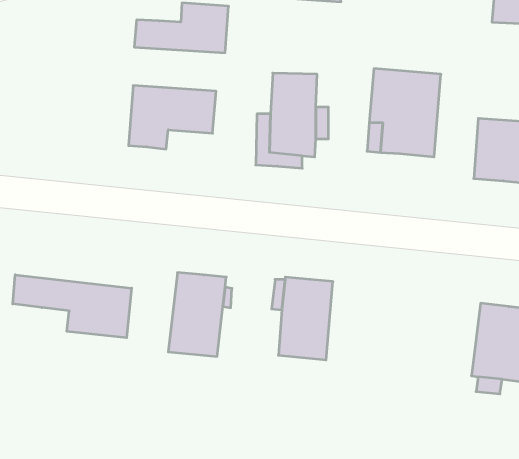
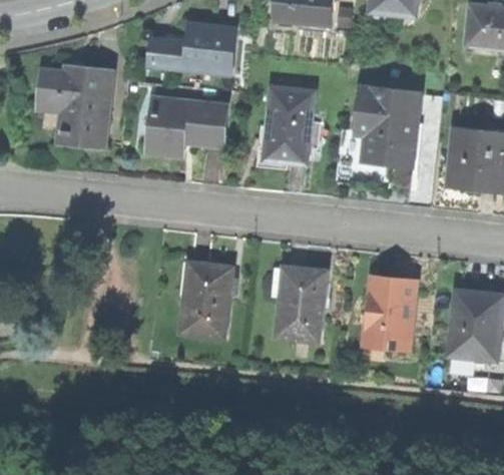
building: none -> [40,65,109,146]
building: [13,275,132,338] -> none
building: none -> [365,279,415,351]

